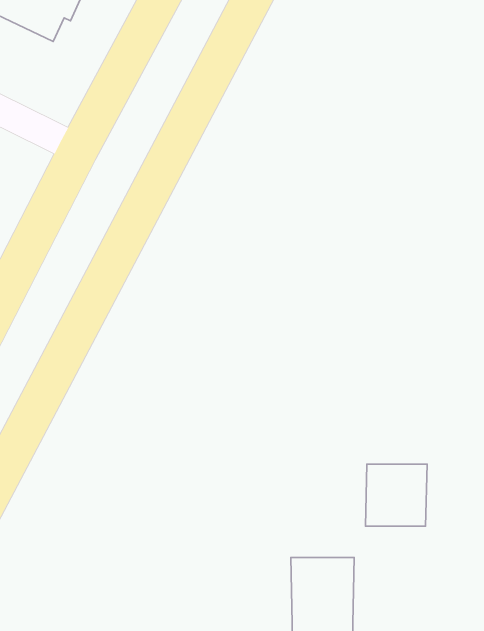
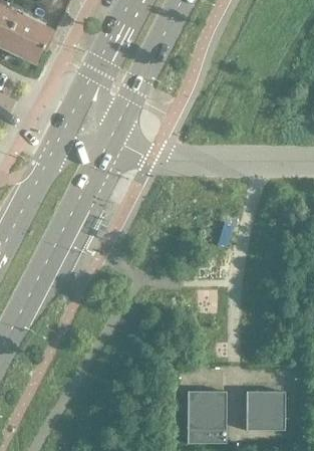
building: [365,464,427,526] -> [245,390,284,429]

